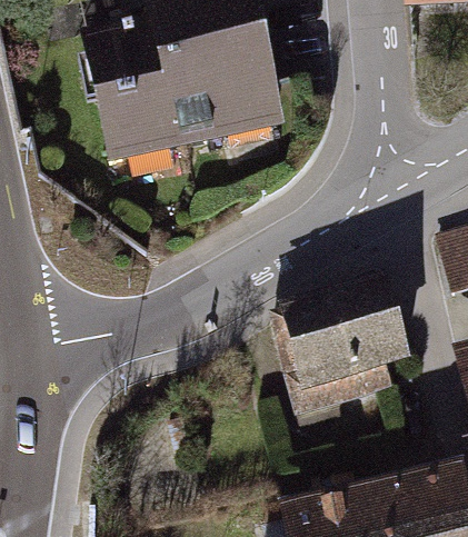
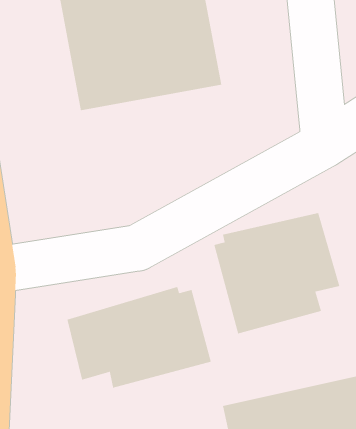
building: none -> [67,286,211,388]

